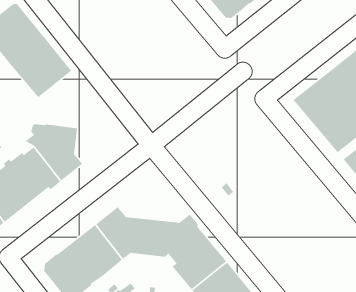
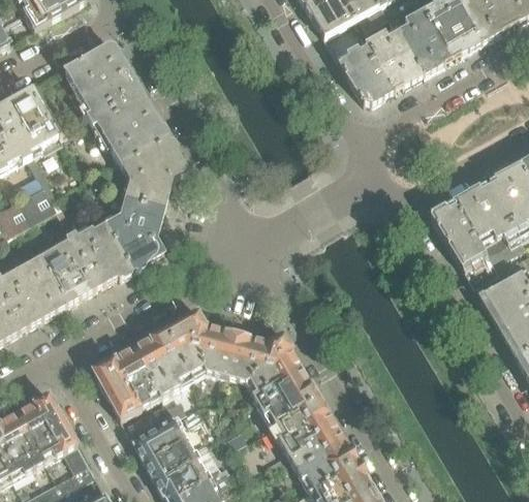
building: none -> [121,136,186,207]

